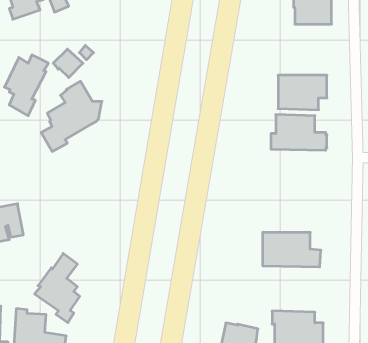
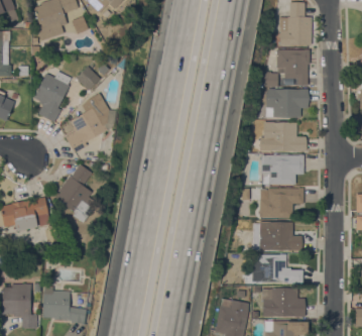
building: none -> [264,48,310,86]
building: none -> [261,154,304,184]
building: none -> [260,188,304,217]
building: [35,253,80,323] -> [55,163,94,222]
building: none -> [252,253,304,284]

